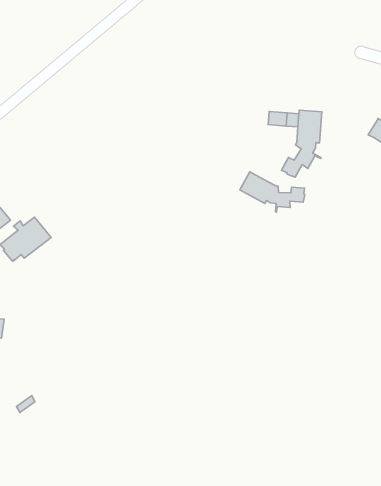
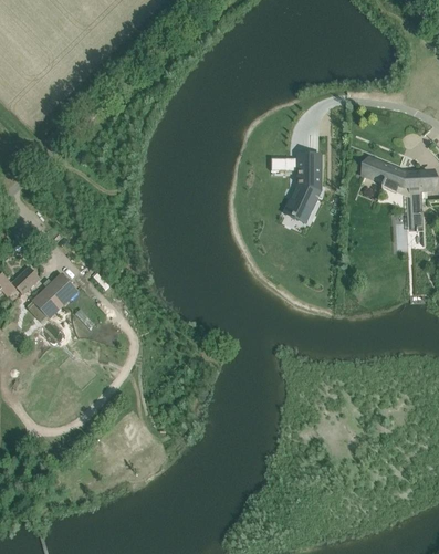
building: [240,172,305,212] -> none

